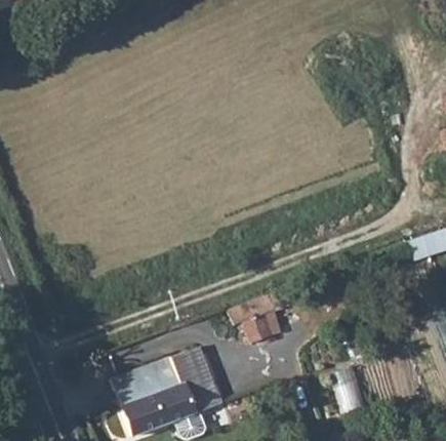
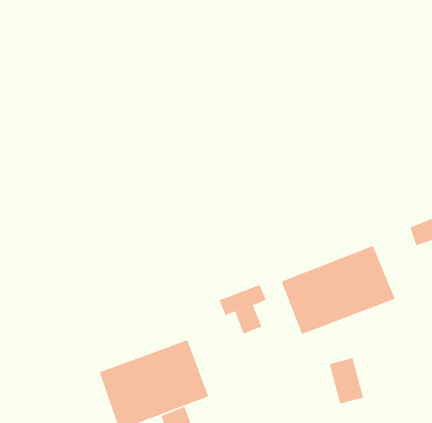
building: none -> [281,245,396,335]

